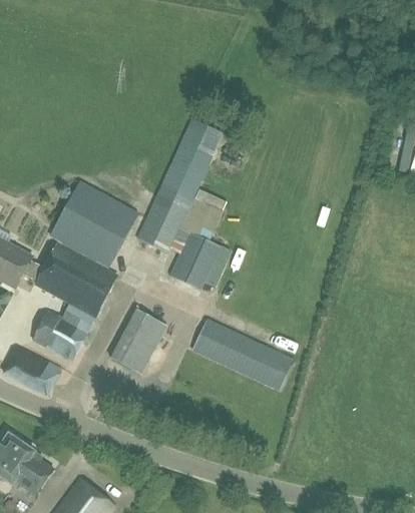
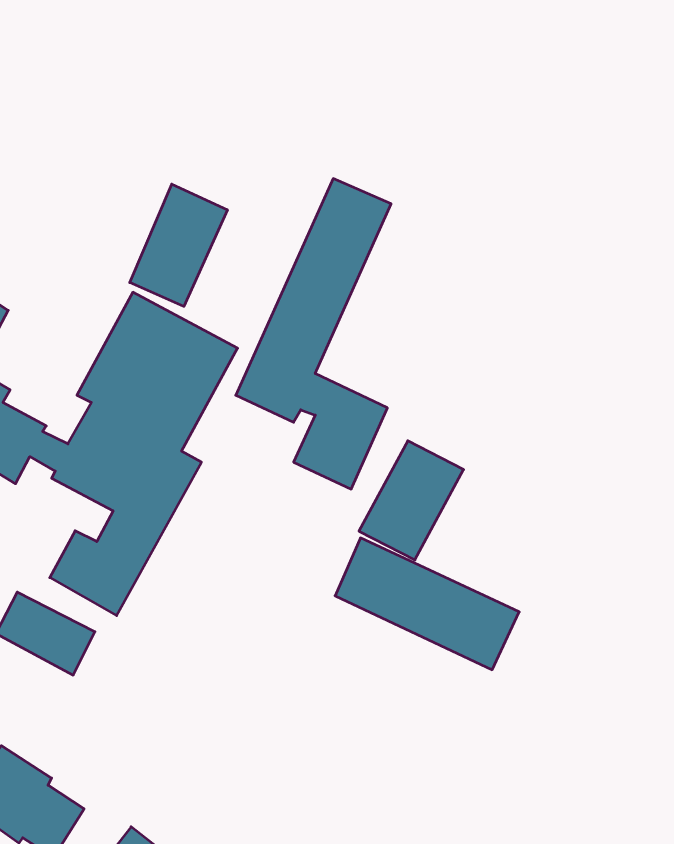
building: none -> [130,184,227,306]
building: [109,309,167,375] -> [359,441,464,560]

